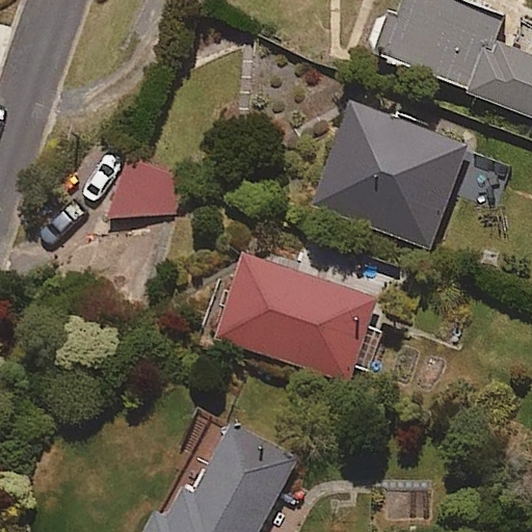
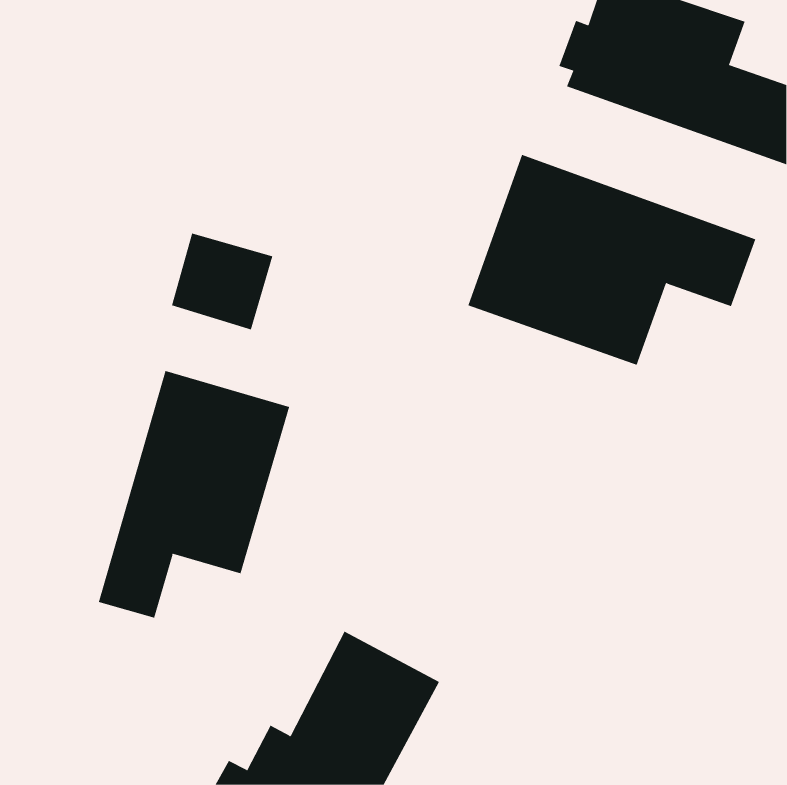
building: none -> [98,370,290,618]
building: [213,256,382,381] -> none

